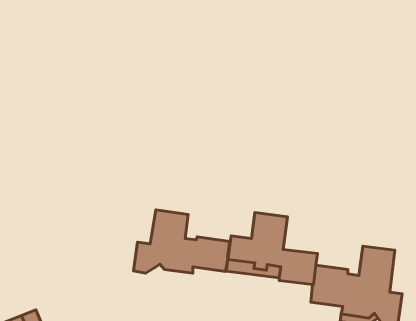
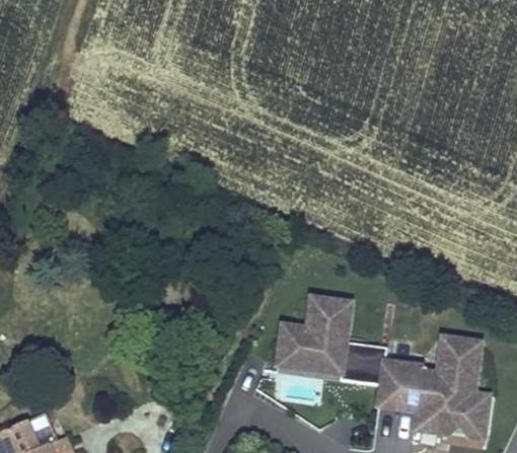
building: [134,210,230,273] -> none

